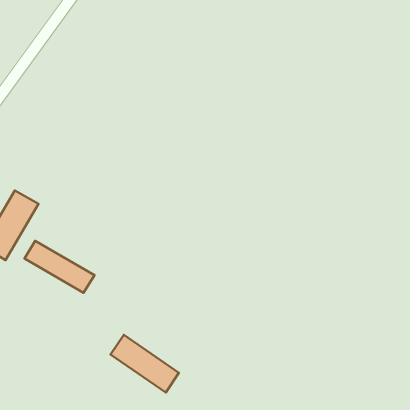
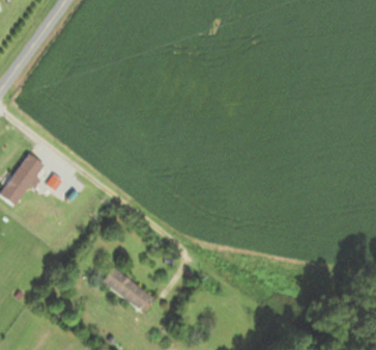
building: [24,241,94,293] -> none

